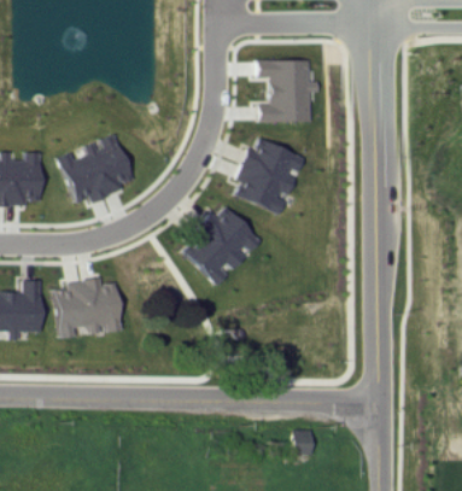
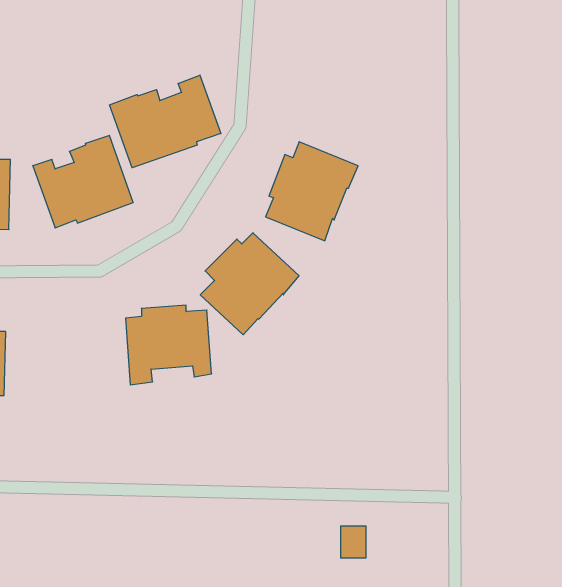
building: [259,60,317,121] -> none
building: none -> [109,75,221,168]
building: [53,279,118,339] -> [126,305,212,385]

